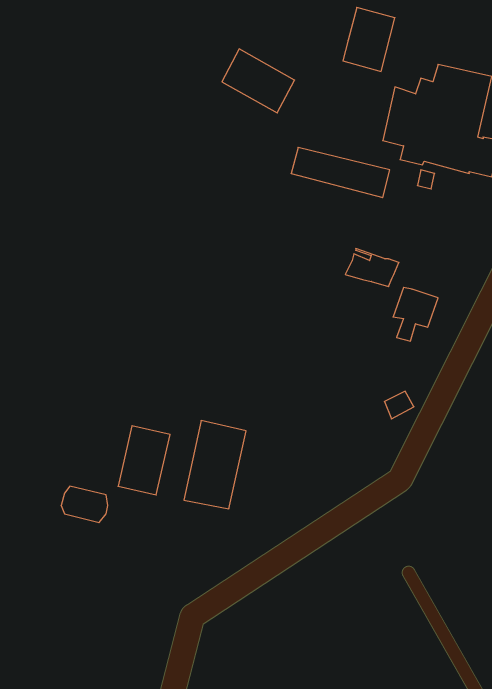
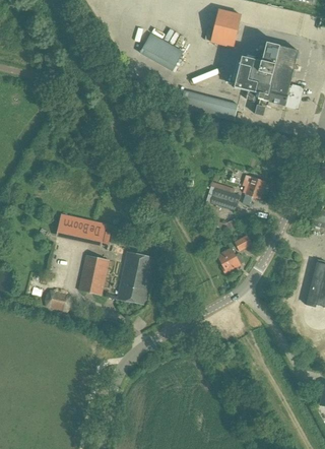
building: [345,249,399,287] -> [208,187,240,209]
building: none -> [56,212,107,245]
building: none -> [217,247,244,273]

